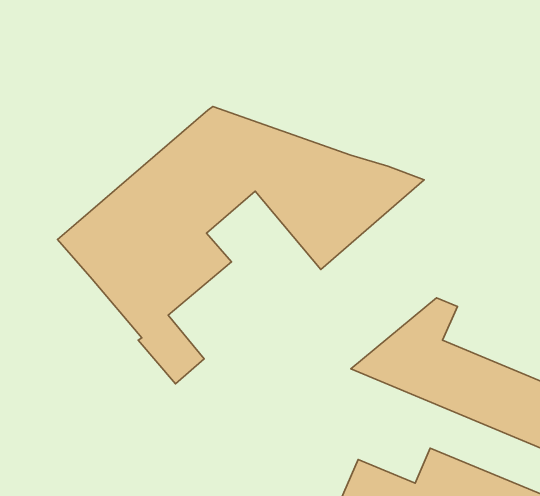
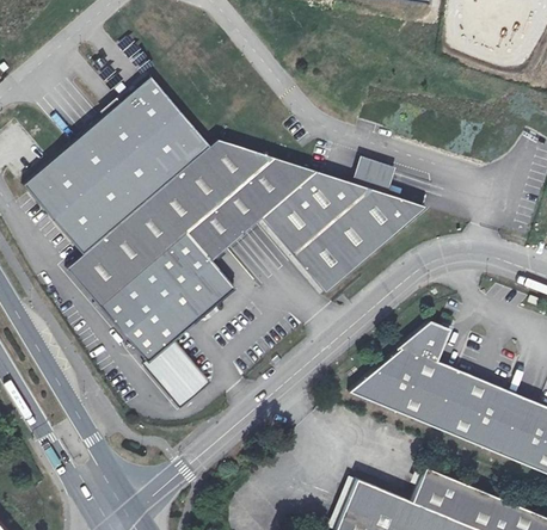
building: none -> [25,73,211,251]
building: none -> [349,158,393,196]

